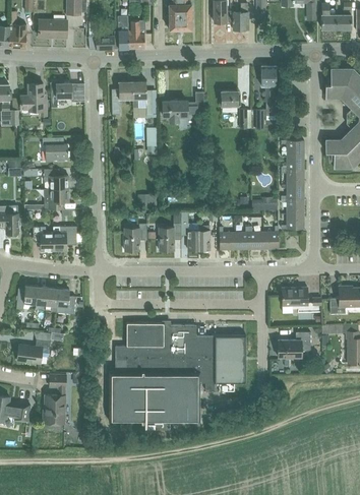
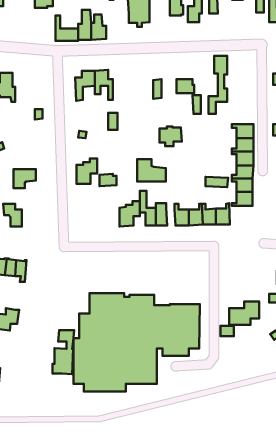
building: [38,19,67,38] -> none
building: [50,83,77,108] -> none
building: [163,100,187,121] -> [159,127,182,146]
building: [42,137,68,162] -> none
building: [44,169,68,189] -> none
building: none -> [137,159,166,181]
building: [124,224,146,251] -> [77,158,97,184]
building: [53,227,76,251] -> none
building: [56,288,75,314] -> none
building: [282,288,307,306] -> none
building: [43,375,66,423] -> [53,330,74,374]

